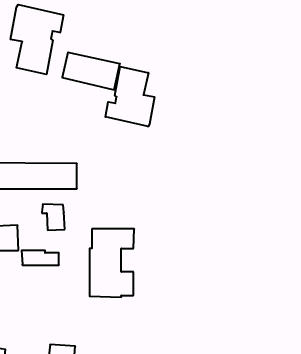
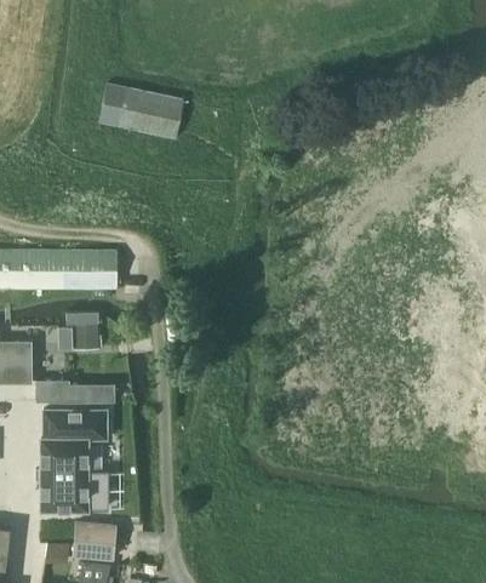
building: [11,5,63,74] -> none
building: [105,67,154,127] -> none
building: [90,229,134,297] -> [40,410,107,511]

